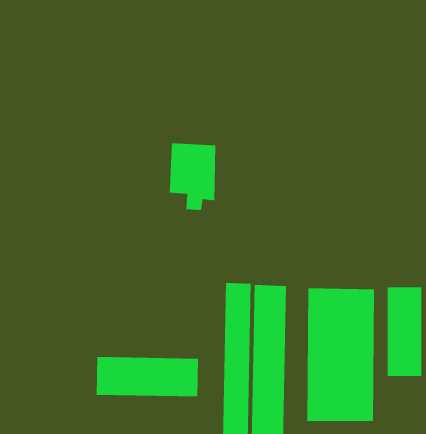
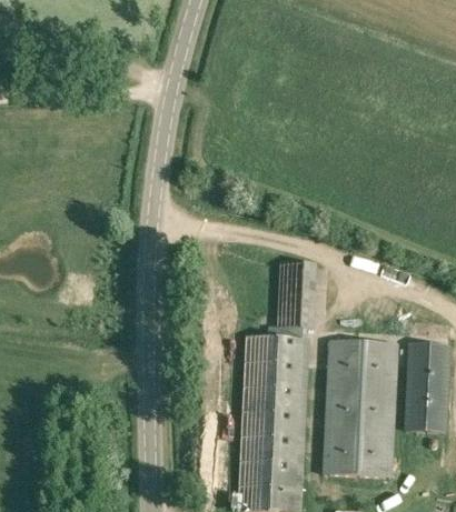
building: [169,143,216,211] -> [281,262,329,331]
building: [96,356,199,397] -> none

